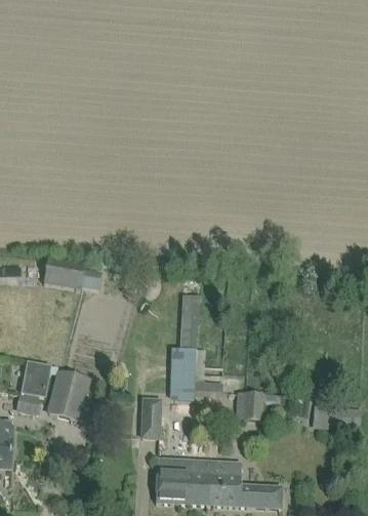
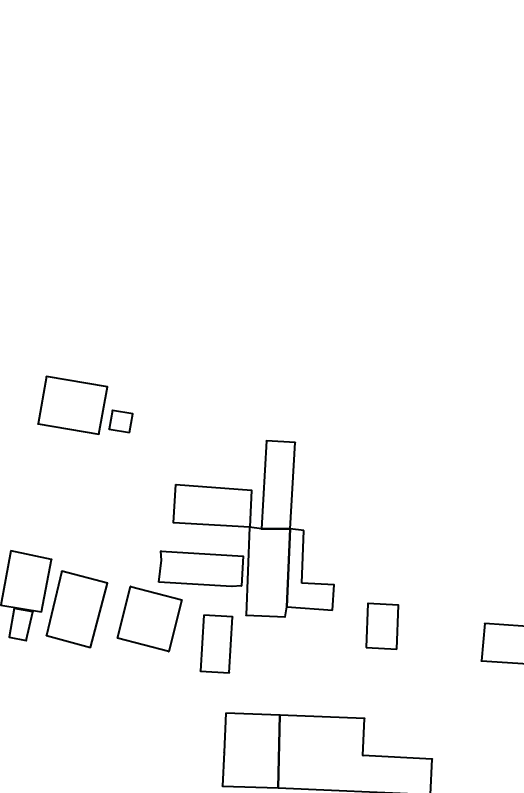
building: none -> [173,485,252,527]
building: none -> [159,551,243,586]
building: none -> [118,586,182,652]

